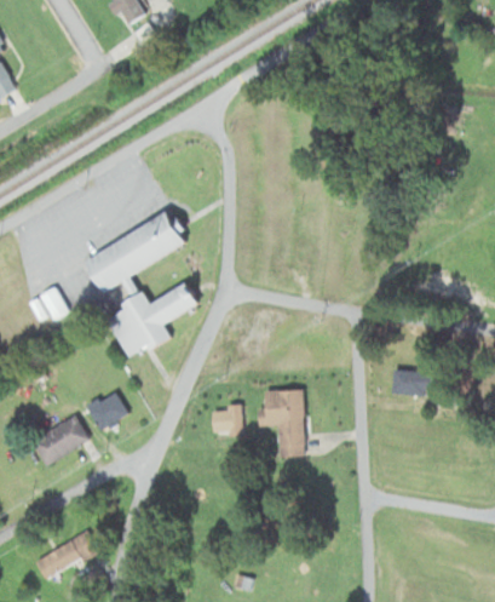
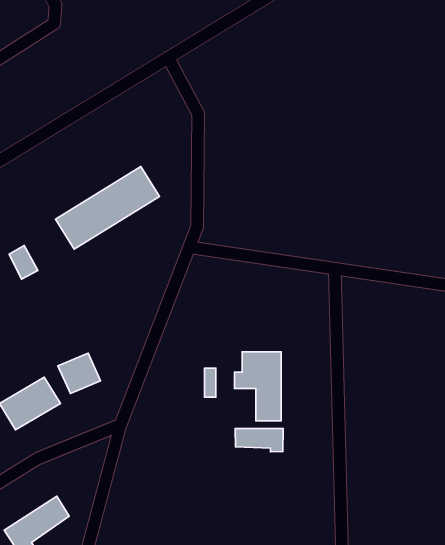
building: [105,281,197,355] -> none
building: [391,369,425,396] -> none
building: none -> [235,429,283,452]

